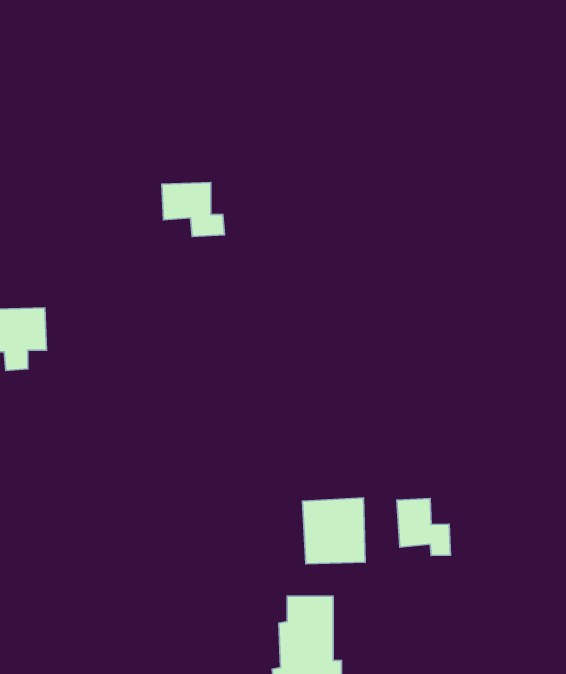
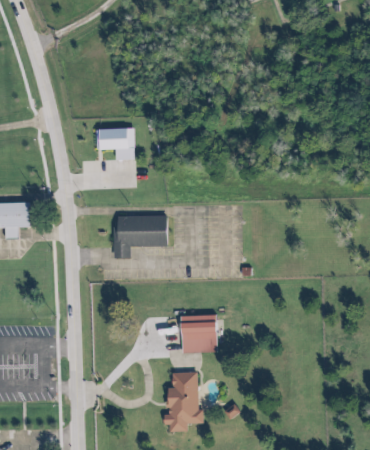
building: none -> [111,215,164,256]
building: [397,498,451,555] -> none

